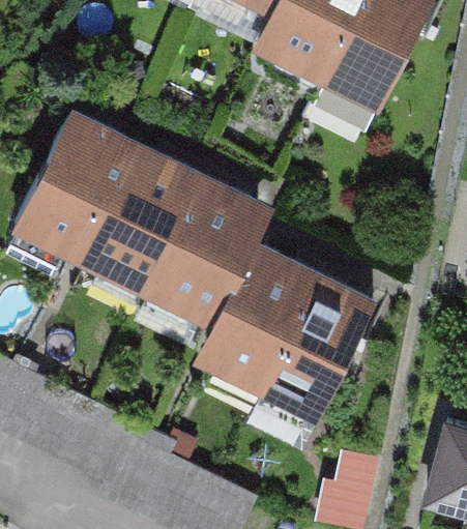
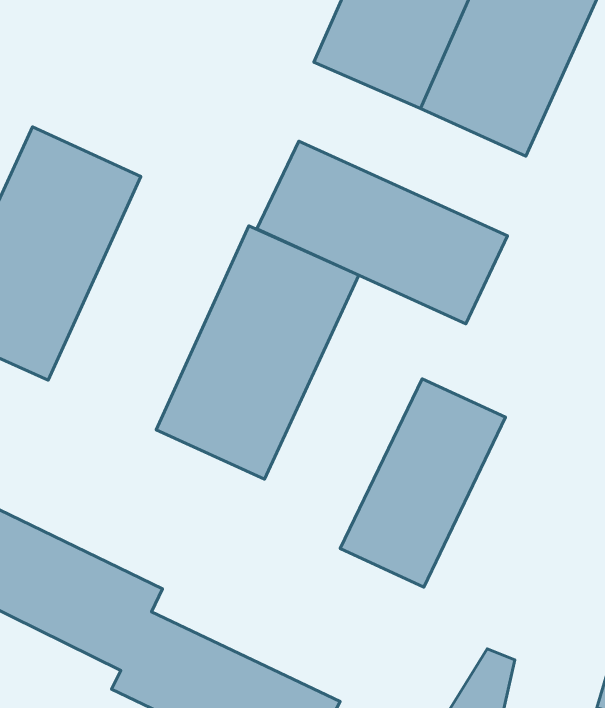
building: none -> [257,141,508,324]
building: [64,140,199,310] -> none
building: [203,247,315,389] -> none

